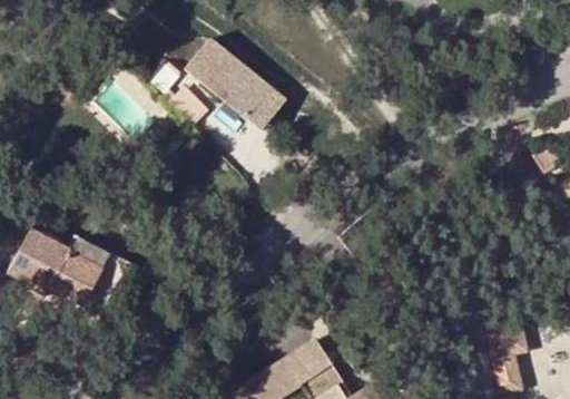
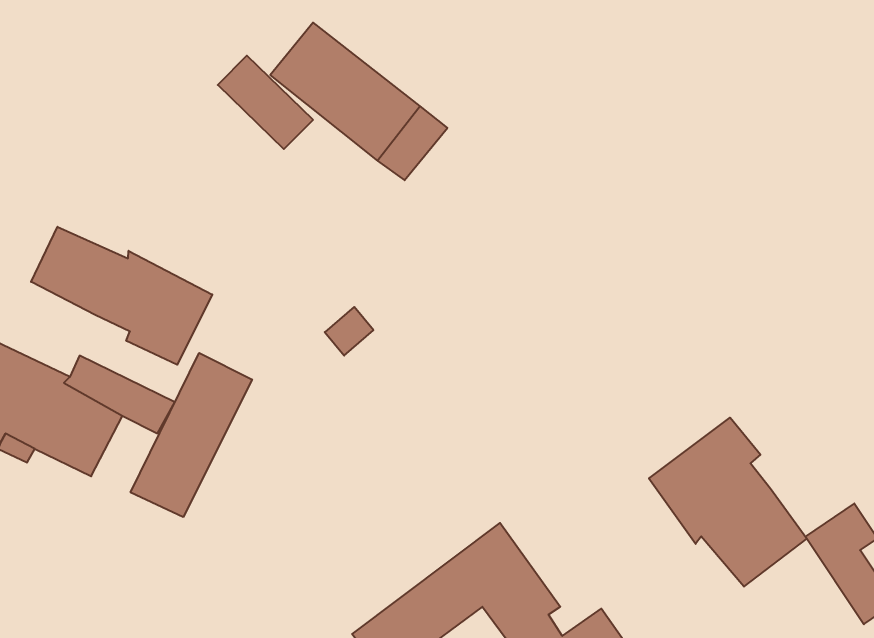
building: none -> [31,227,212,365]
building: none -> [131,353,252,517]
building: none -> [649,418,807,587]

